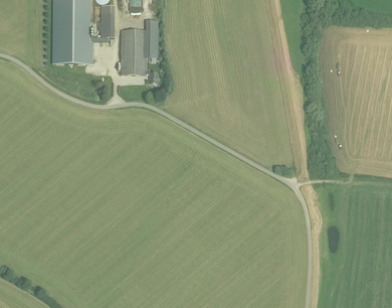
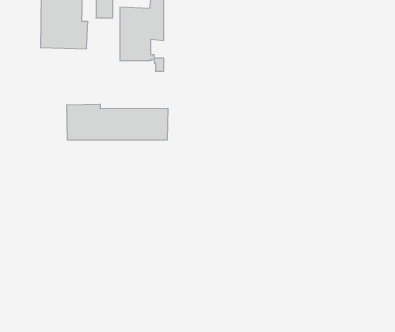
building: none -> [67,104,168,140]

